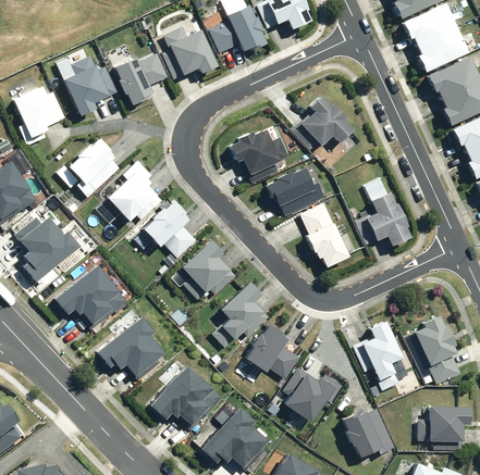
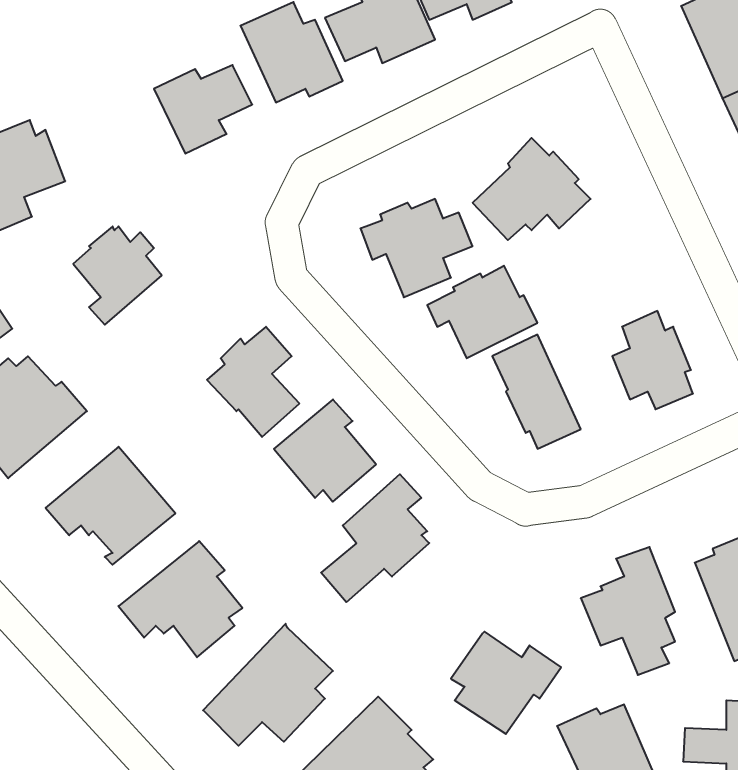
building: [63,58,116,115] -> none
building: [107,160,161,221] -> none
building: [232,324,298,385] -> none

